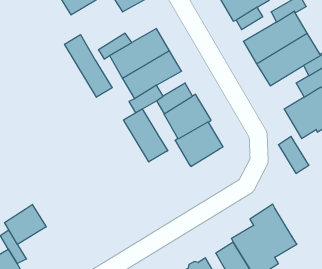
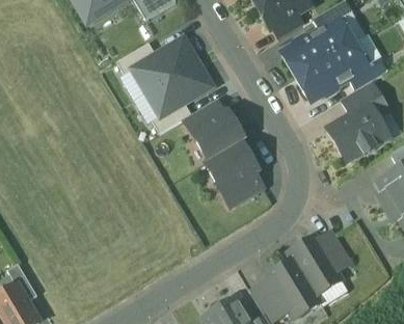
building: [65,35,112,97] -> none
building: [124,109,168,162] -> none
building: [278,136,309,173] -> [317,230,351,271]
building: none -> [222,172,264,207]
building: [5,204,46,244] -> none

